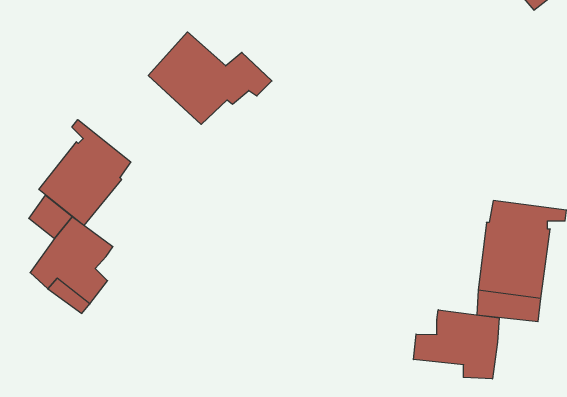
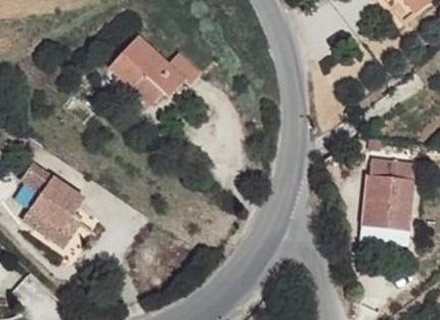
building: [39,120,131,225] -> none
building: [413,310,499,379] -> none

